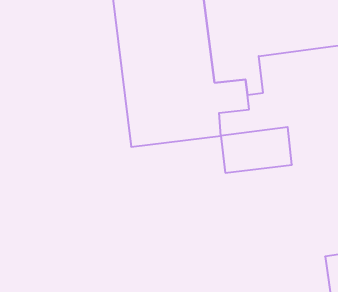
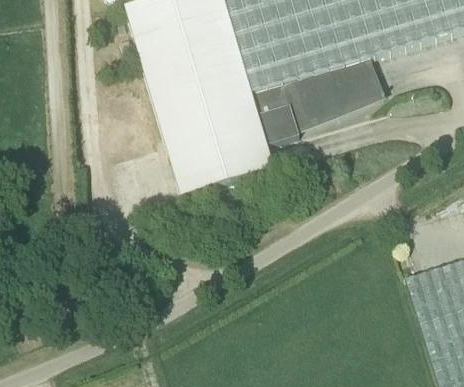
building: [221,127,292,173] -> [300,58,380,117]

